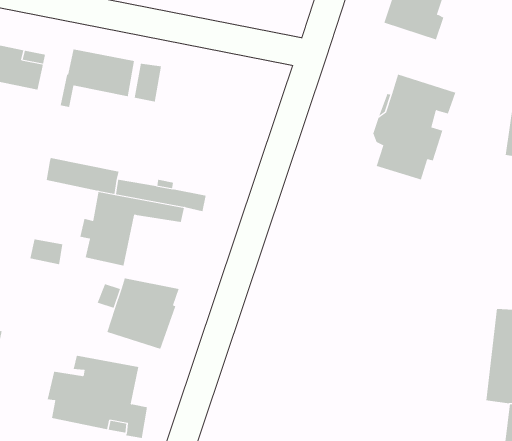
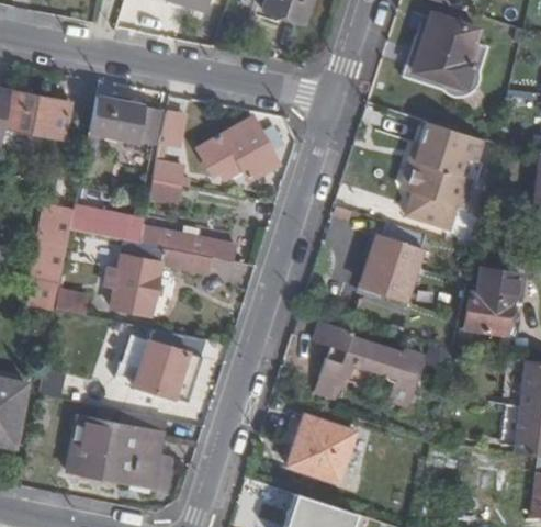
building: none -> [195,120,282,179]
building: none -> [147,161,190,203]
building: none -> [32,204,72,281]
building: none -> [363,223,426,303]
building: none -> [462,269,518,339]
building: none -> [312,319,424,406]
building: none -> [288,412,353,480]

